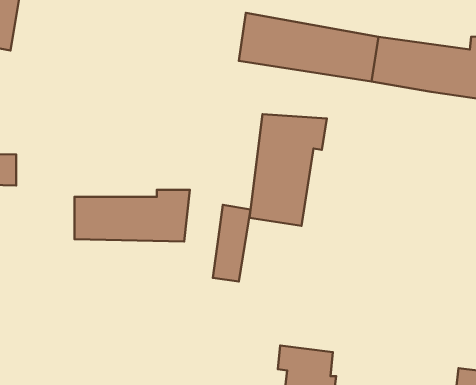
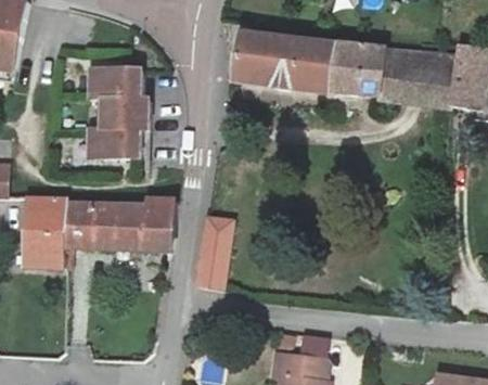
building: none -> [97,70,157,161]
building: [249,114,327,226] -> none
building: none -> [30,197,72,268]

